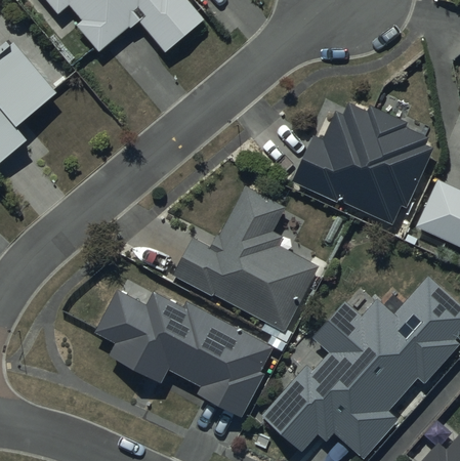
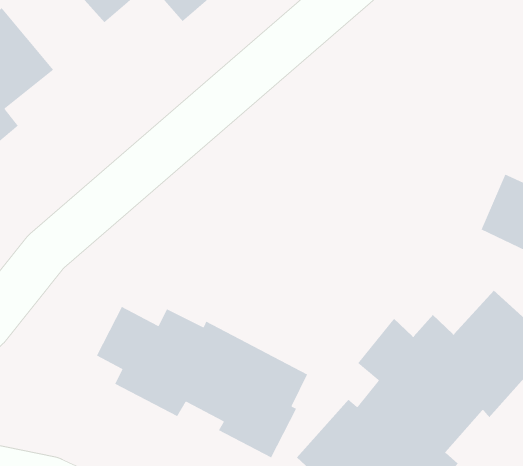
building: [292,102,433,225] -> none
building: [172,187,318,331] -> none

